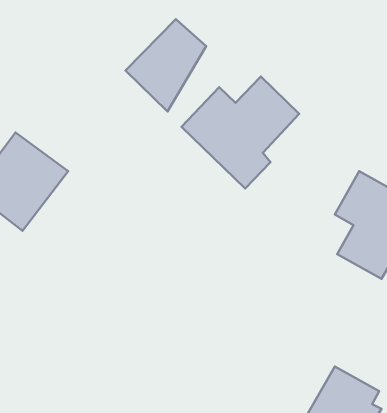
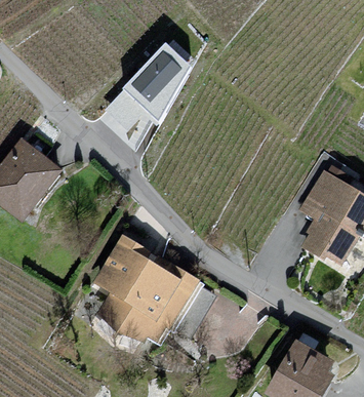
building: [182,77,299,189] -> none
building: none -> [96,238,203,348]

